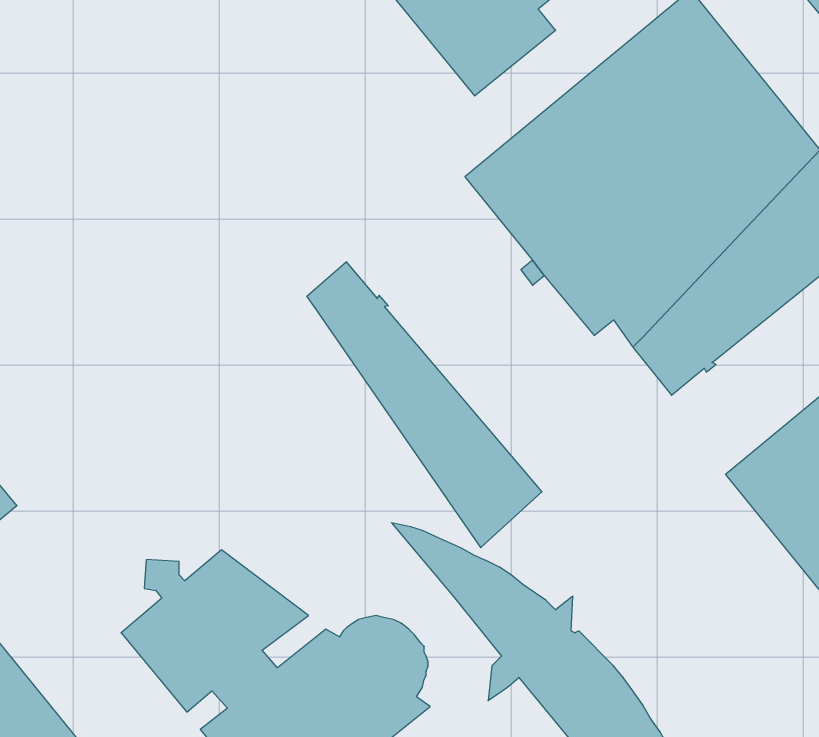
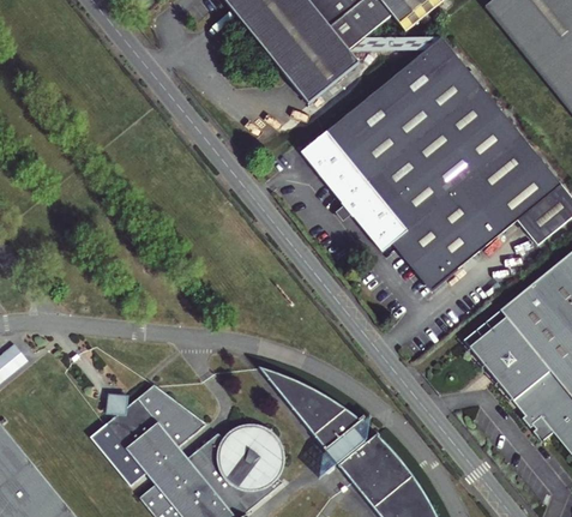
building: [307,262,542,548] -> none

